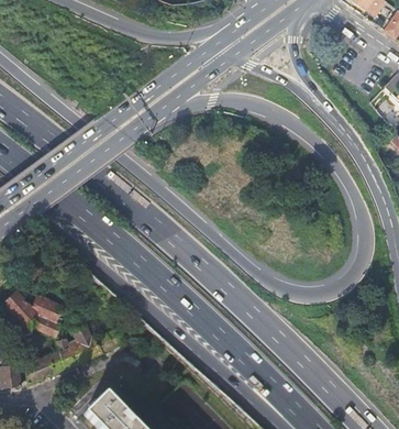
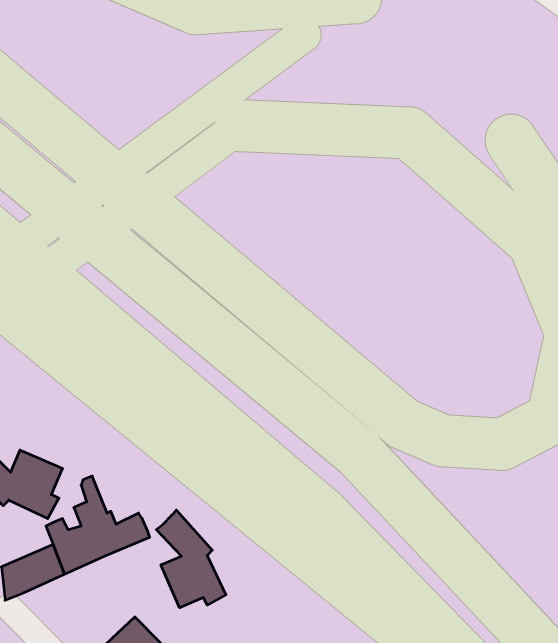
building: none -> [156,510,226,608]

